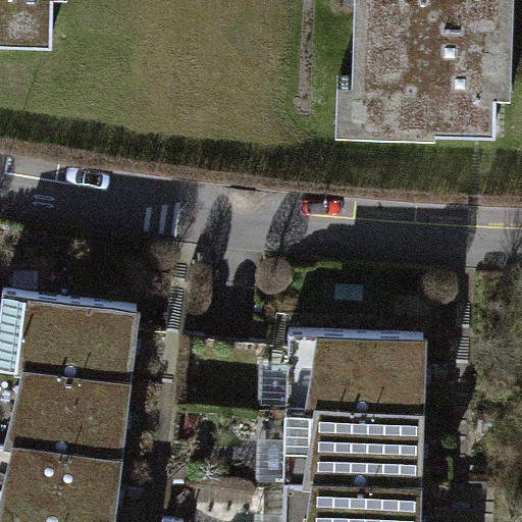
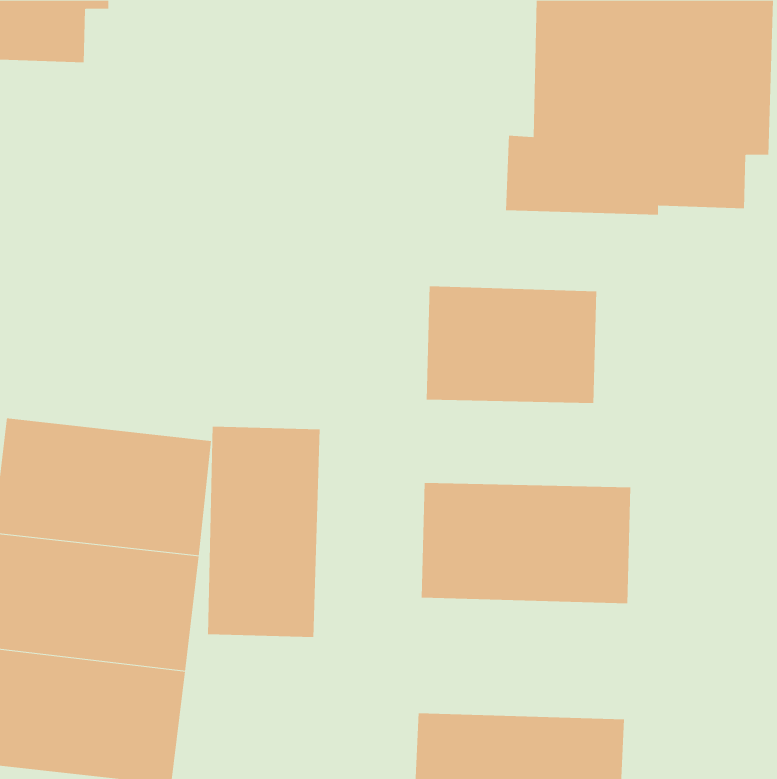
building: none -> [426,286,597,404]
building: none -> [207,426,320,638]
building: [277,401,417,481] -> none

